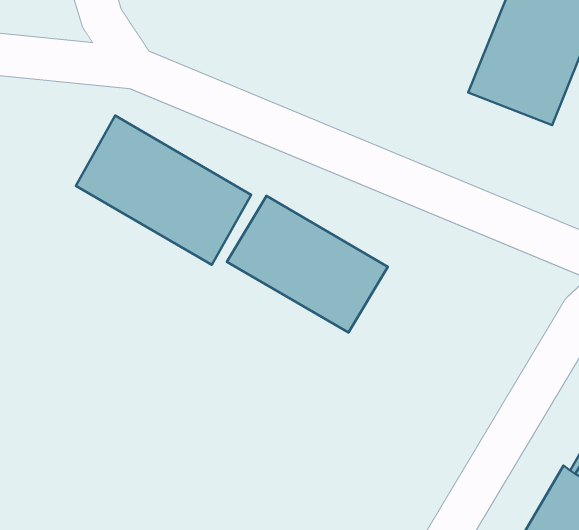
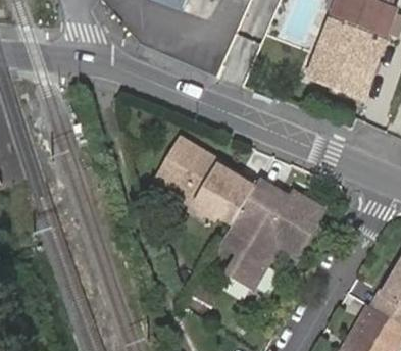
building: [76,116,251,265] -> none
building: none -> [220,181,323,288]

